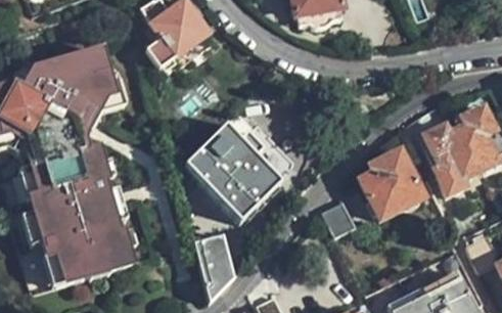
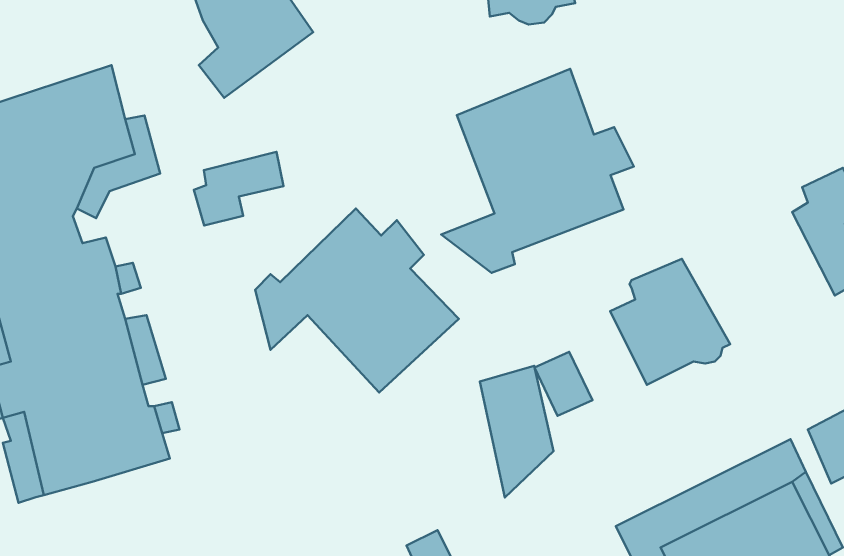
building: none -> [441,69,634,273]
building: none -> [194,152,283,226]
building: [423,123,481,178] -> none
building: [193,231,232,301] -> [480,366,553,498]

